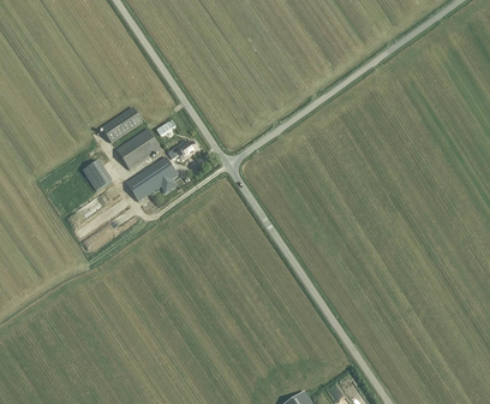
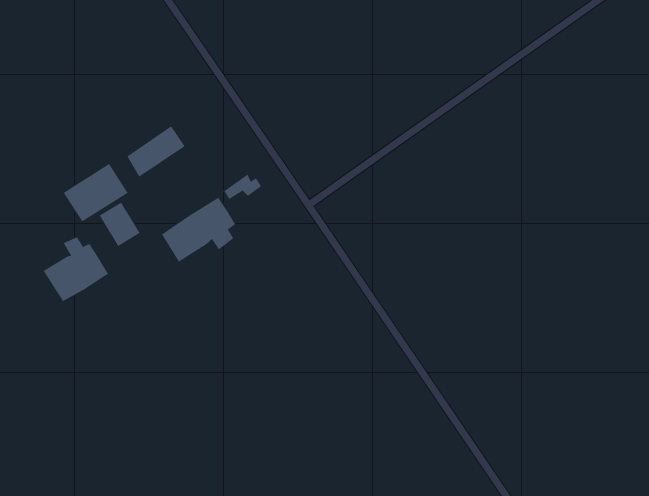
building: [115,127,161,168] -> [63,163,129,222]
building: none -> [43,236,109,302]

